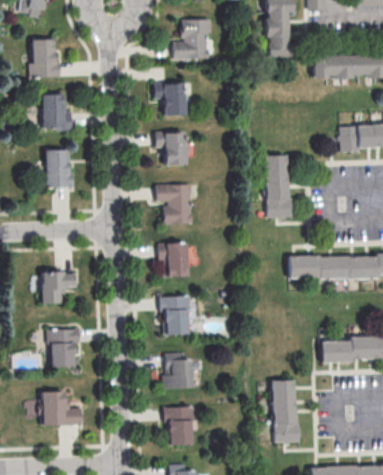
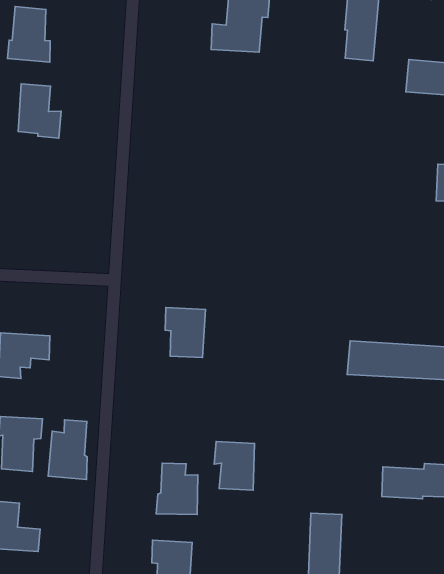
building: [157,82,186,117] -> none
building: [157,132,186,167] -> none
building: [43,151,74,188] -> none
building: [264,154,293,217] -> none
building: [156,185,192,225] -> none
building: [160,297,189,331] -> [214,442,254,490]
building: none -> [48,420,87,479]

